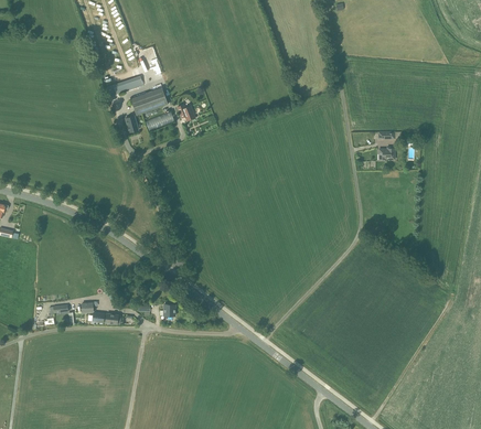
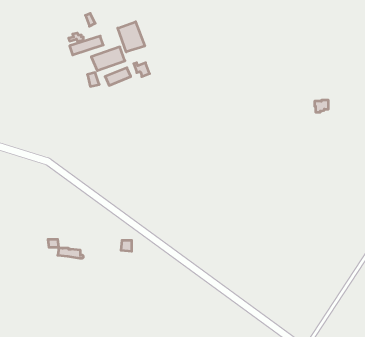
building: none -> [118,22,145,52]

